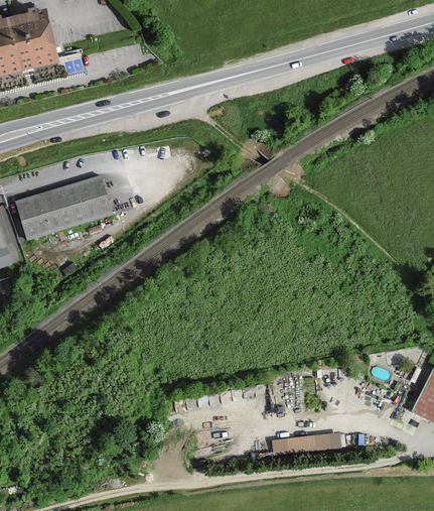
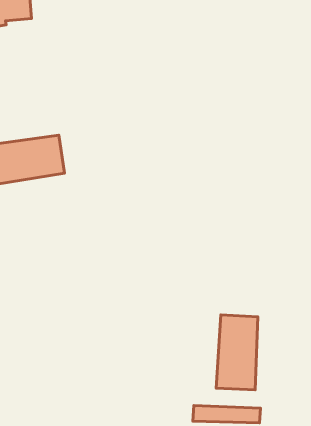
building: none -> [216,315,258,390]

